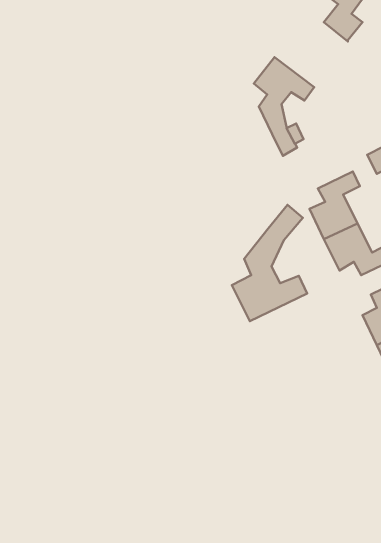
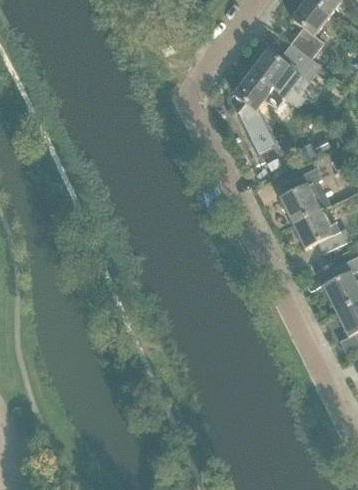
building: none -> [251,41,321,95]
building: [232,205,307,321] -> none

